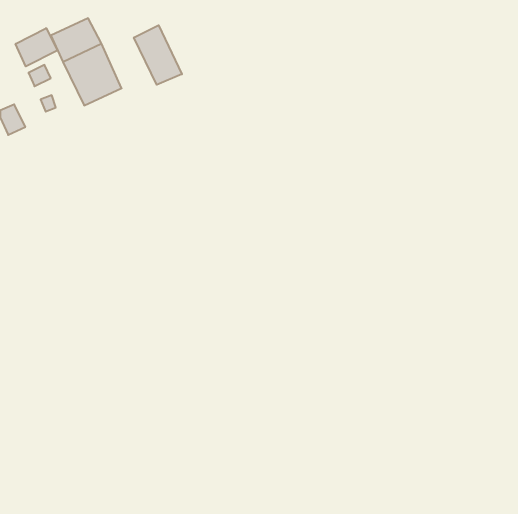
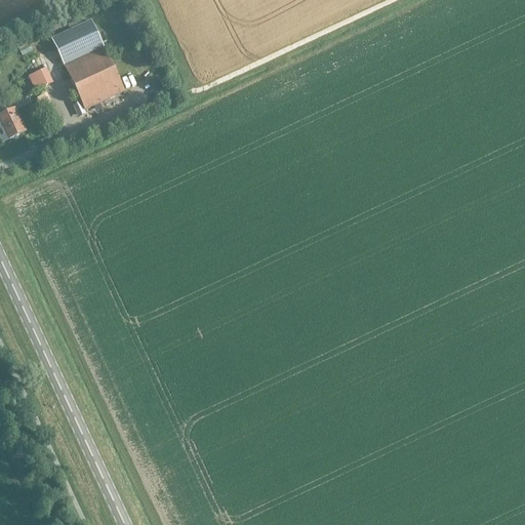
building: [134,25,182,85] -> none
building: [16,28,58,66] -> none

